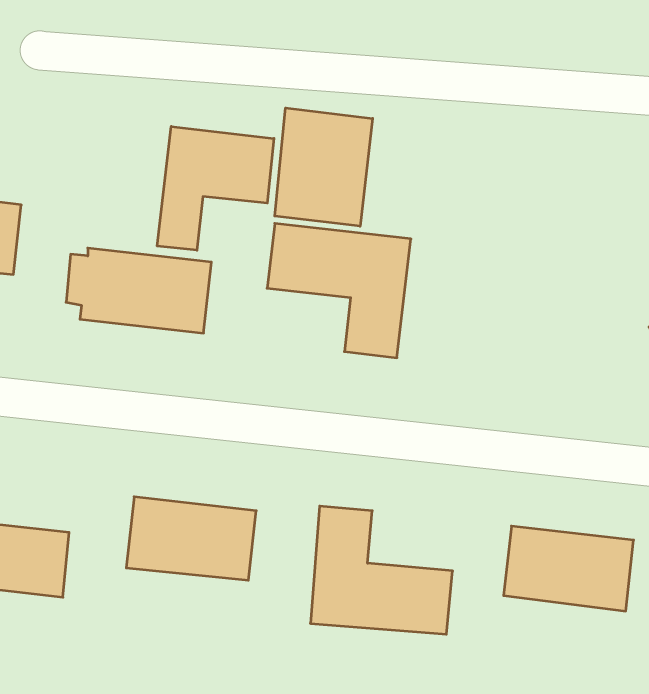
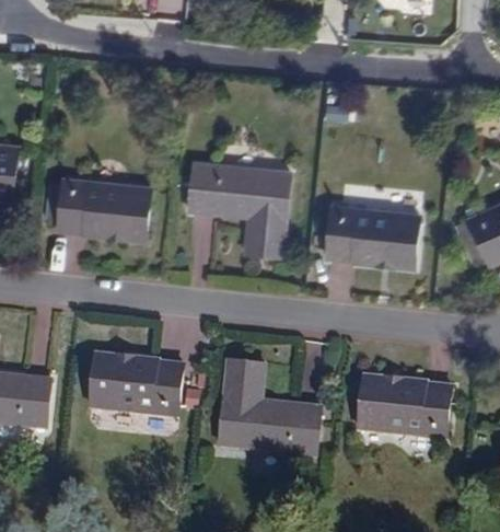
building: [275,108,373,226] -> none
building: [157,126,274,250] -> none
building: none -> [327,205,419,265]

